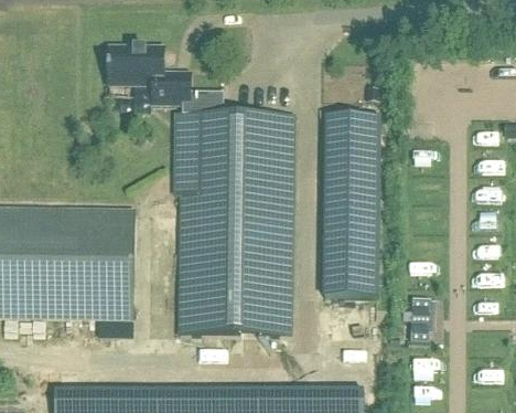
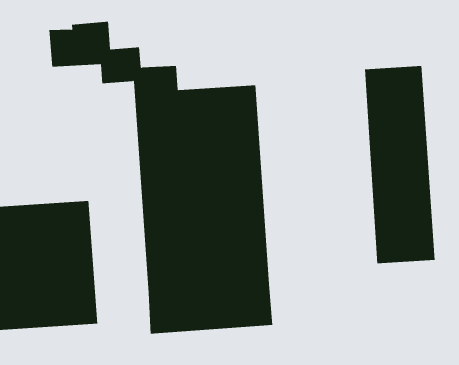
building: [322,115,378,294] -> [364,66,436,264]

